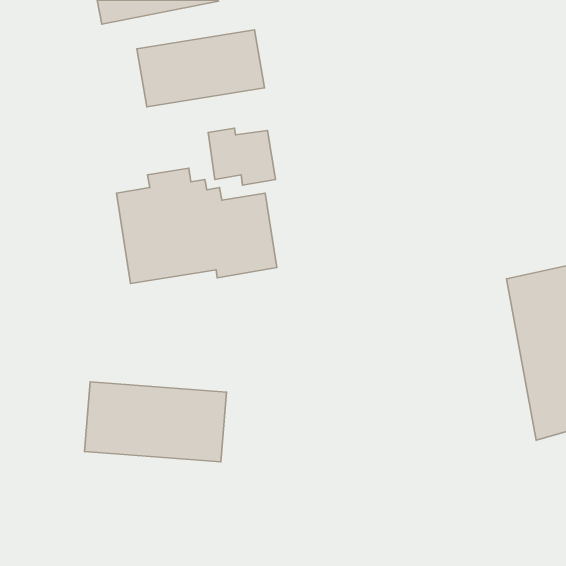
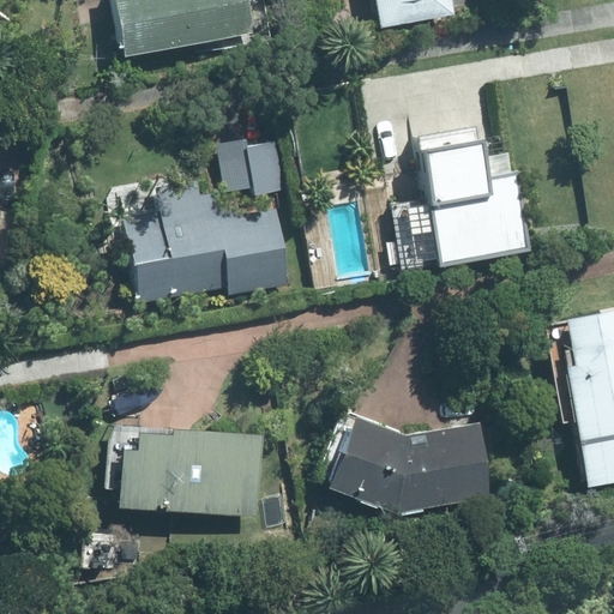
building: [137,30,264,107] -> none
building: none -> [410,122,522,253]
building: none -> [314,402,478,501]

